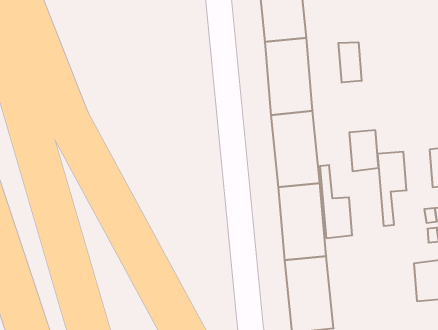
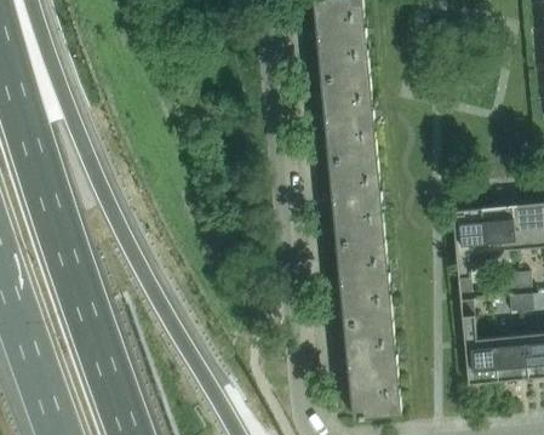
building: [338,42,362,83] -> none
building: [349,130,379,171] -> [482,205,516,252]
building: [320,165,352,238] -> [460,299,498,384]

